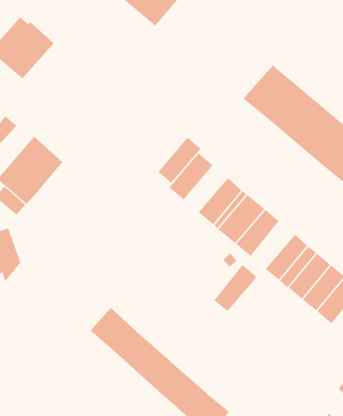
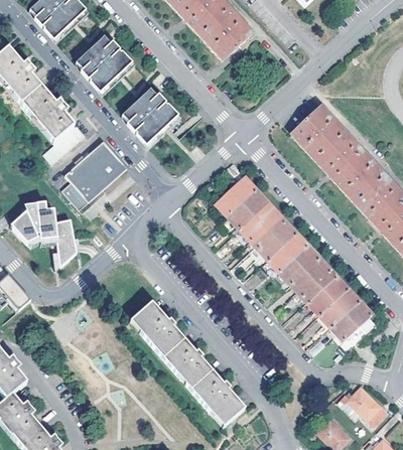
building: none -> [121,88,178,144]
building: [157,137,201,184] -> [227,187,268,227]
building: [214,264,258,312] -> [279,244,320,284]

